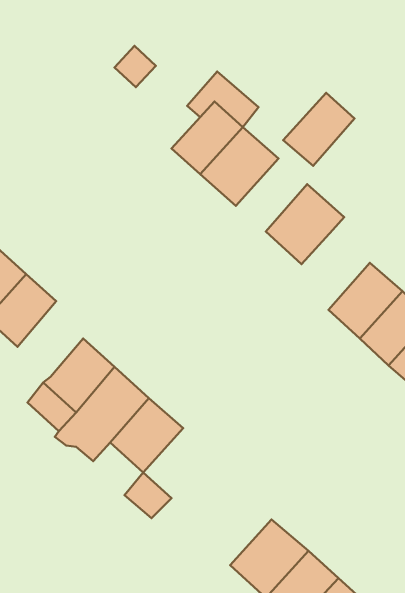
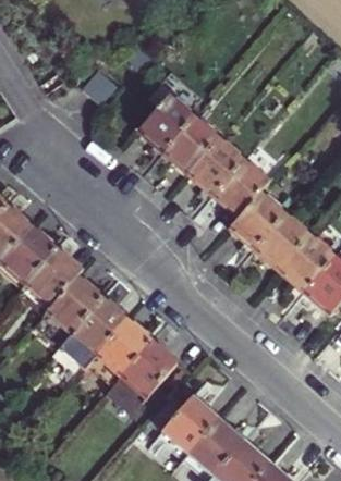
building: [283,93,355,166] -> [190,139,244,195]
building: none -> [232,194,292,255]
building: none -> [23,248,78,306]
building: none -> [119,345,170,398]
building: none -> [162,394,217,449]

